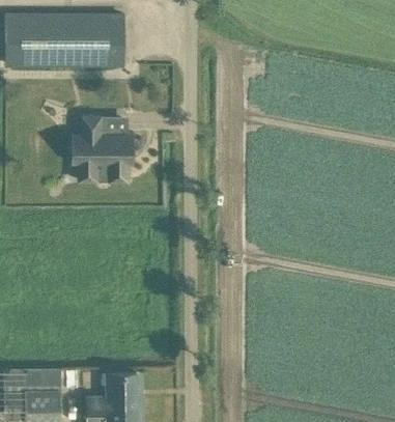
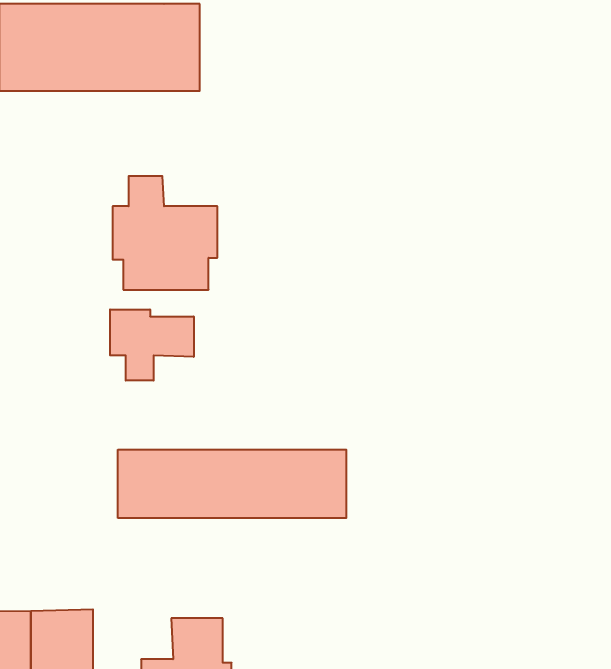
building: none -> [110,309,194,381]
building: none -> [118,450,346,518]

